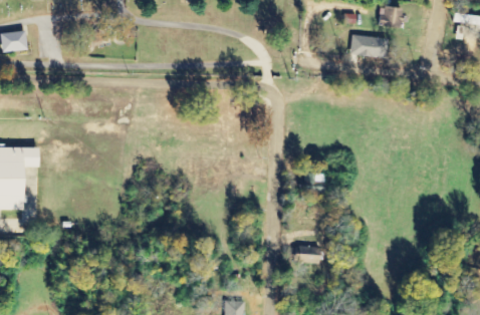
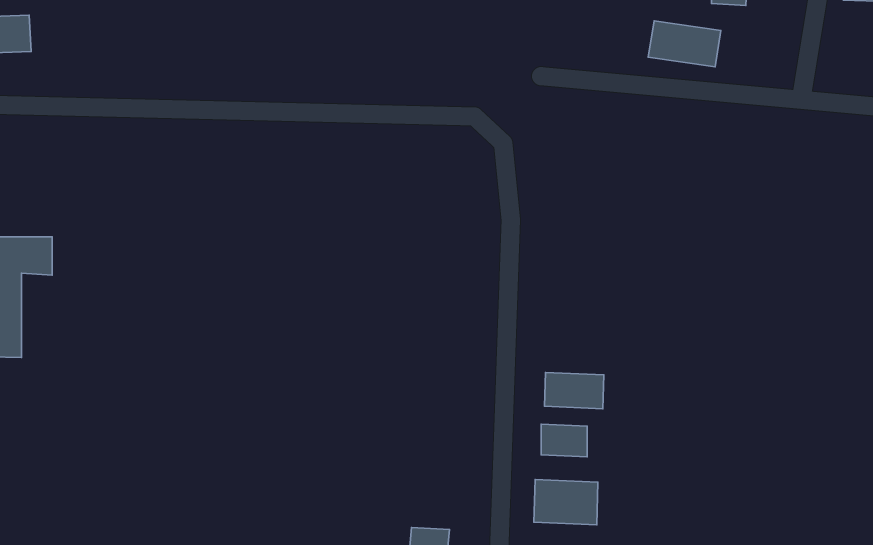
building: none -> [544,372,604,409]
building: none -> [534,480,598,525]

